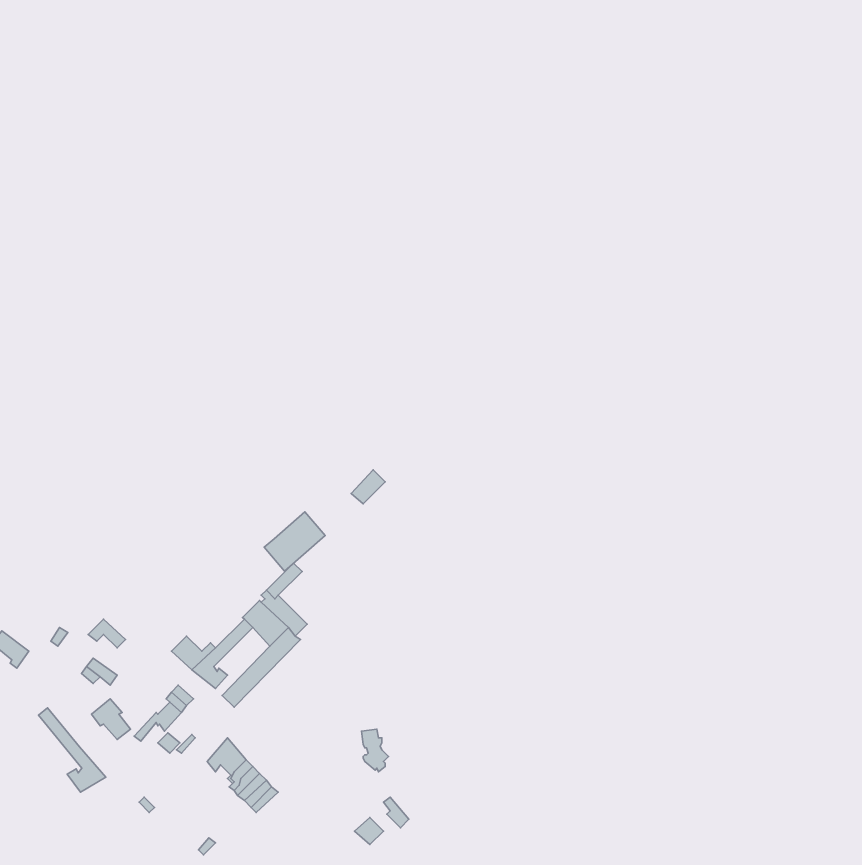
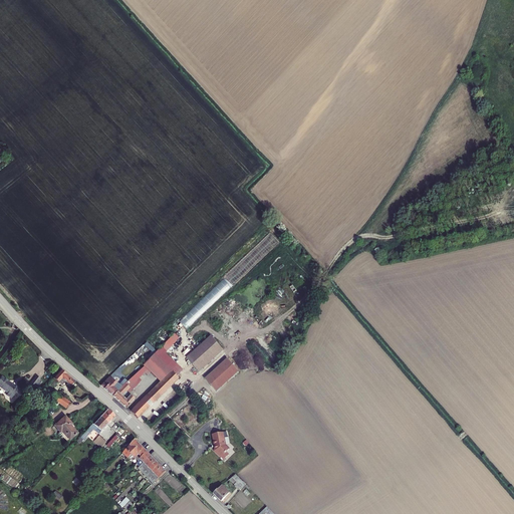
building: [264,512,325,571] -> [187,337,223,372]
building: none -> [205,359,239,393]
building: [38,708,106,792] -> none

